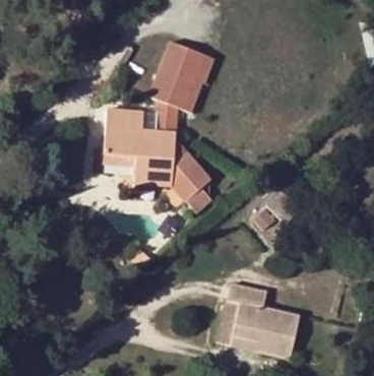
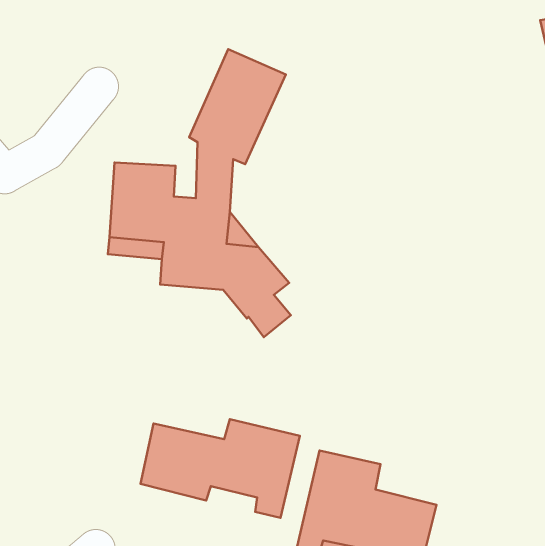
building: none -> [141,419,300,518]

